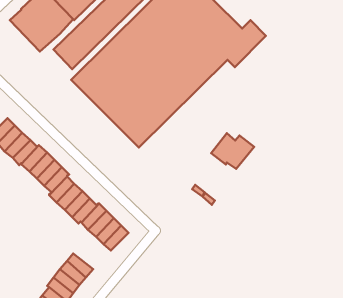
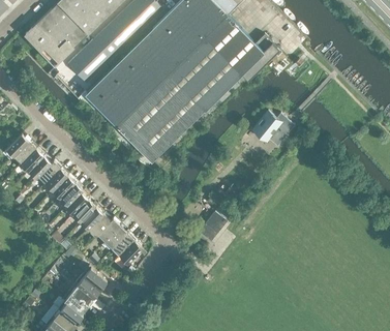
building: [211,133,254,169] -> [252,113,295,148]
building: none -> [198,213,226,243]

